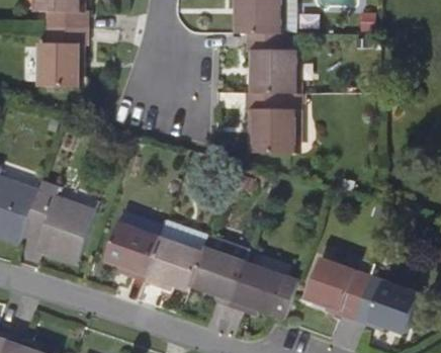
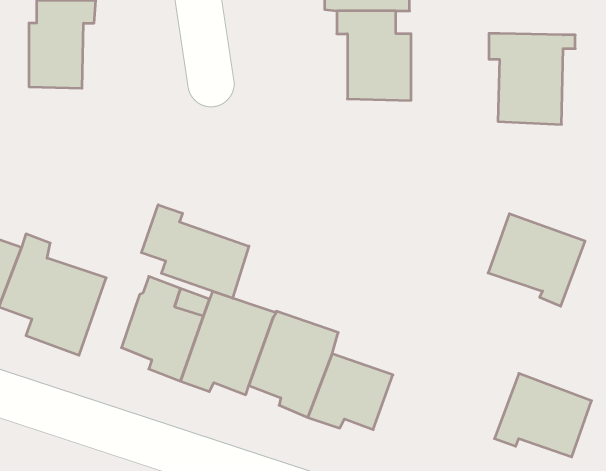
building: [246,92,303,153] -> [489,33,575,124]
building: none -> [141,205,249,298]
building: [302,257,367,319] -> [488,214,585,306]

